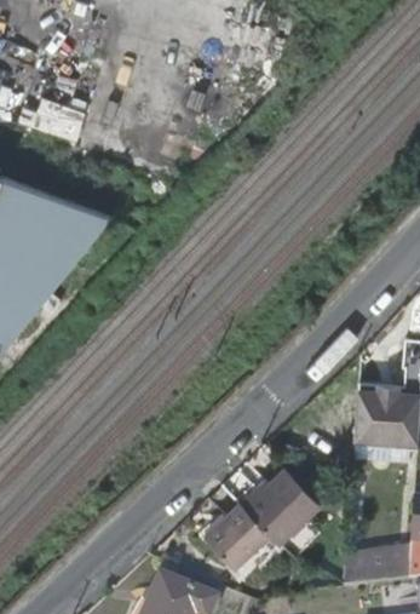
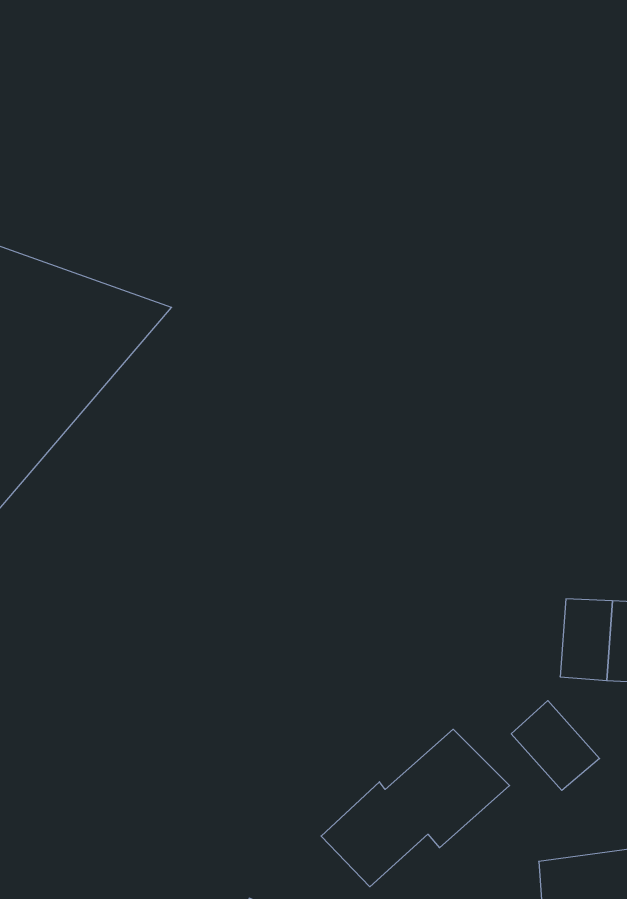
building: none -> [511,701,600,790]

